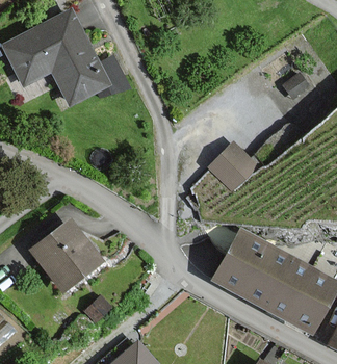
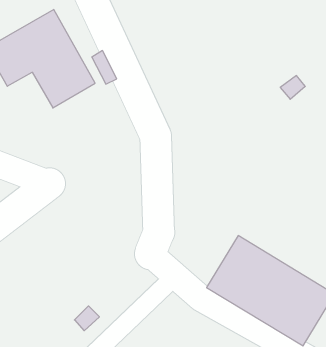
building: [211,142,253,184] -> none
building: [29,219,101,291] -> none

